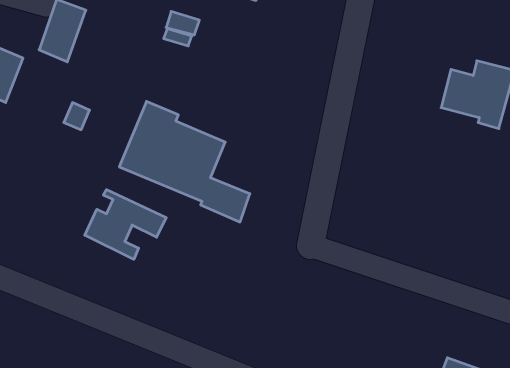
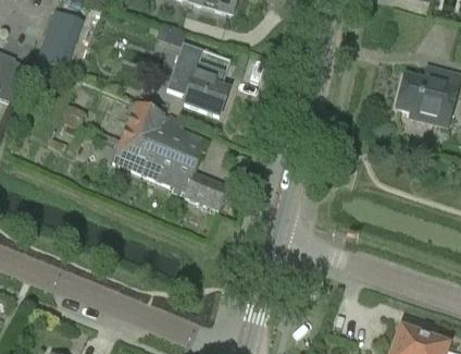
building: none -> [171,45,227,115]
building: [85,190,166,259] -> none

